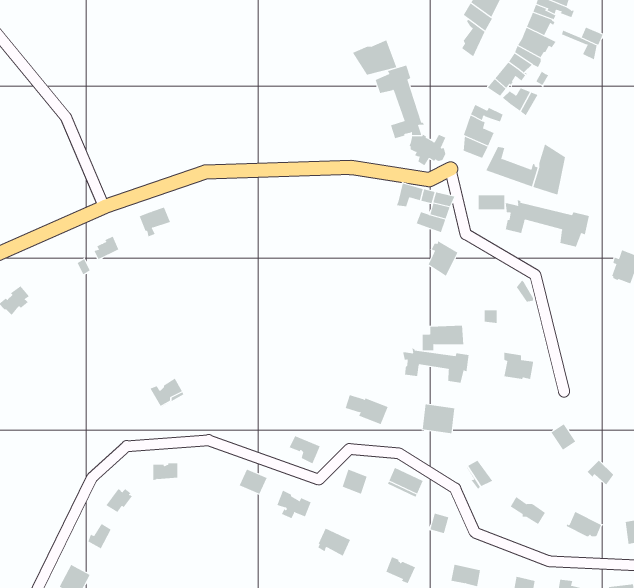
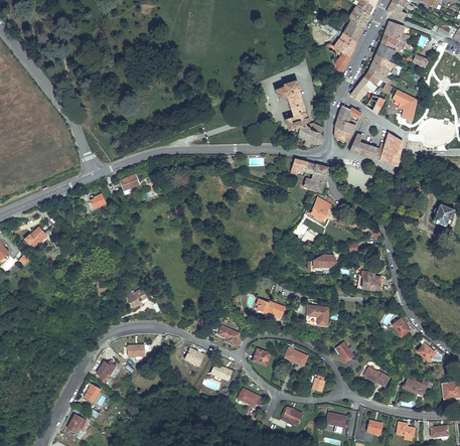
building: [352,40,397,76] -> none
building: none -> [393,90,417,120]
building: [505,199,590,248] -> none
building: [403,348,469,383] -> none

